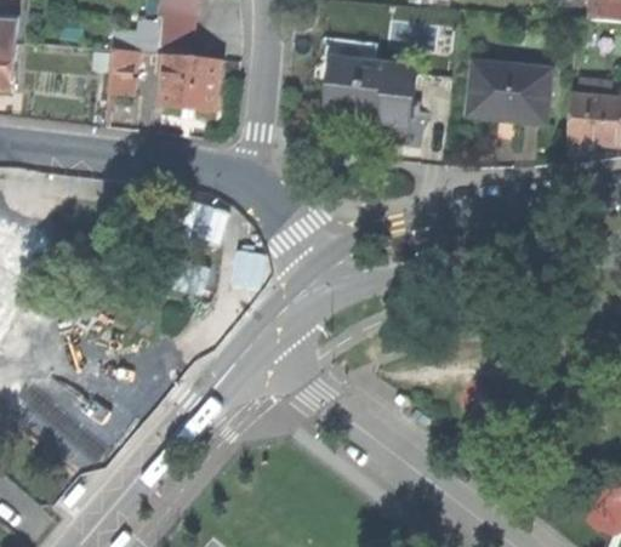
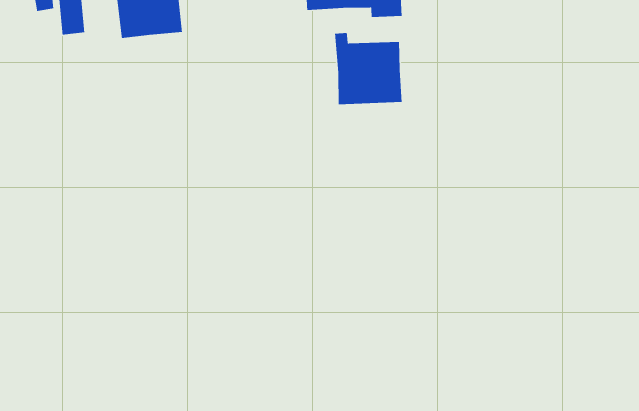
building: none -> [334,32,402,105]

